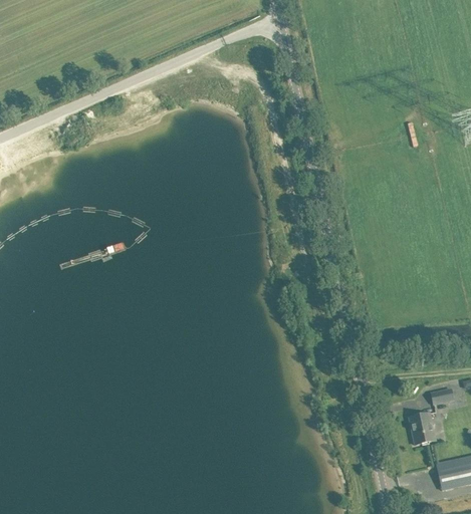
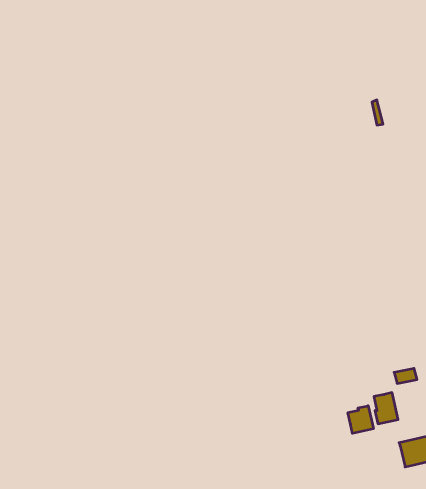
building: none -> [348,406,373,433]

